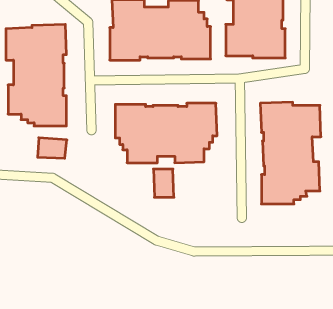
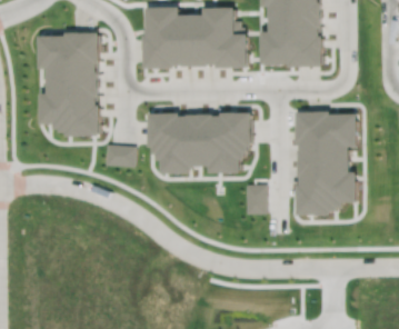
building: [38,138,67,158] -> [104,143,134,164]
building: [153,169,174,197] -> [245,183,266,212]

